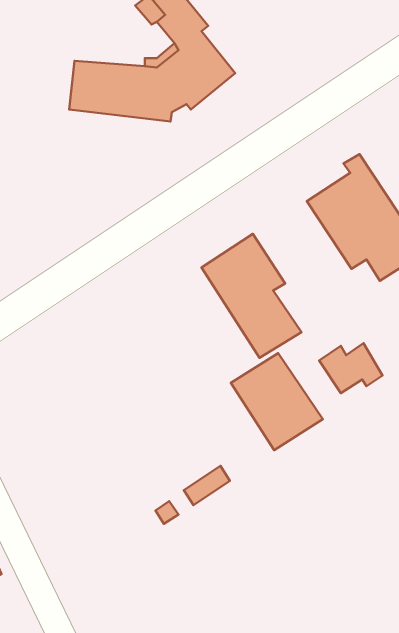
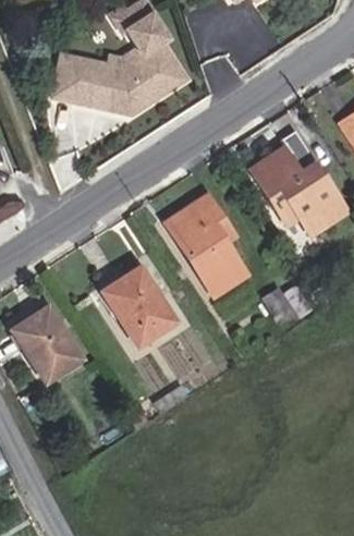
building: [231,353,323,450] -> [101,268,175,346]
building: none -> [10,307,82,382]

